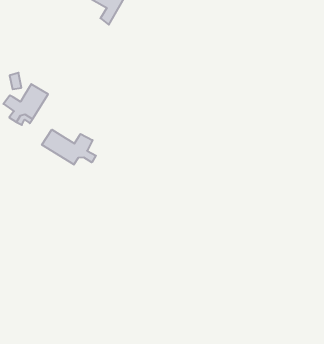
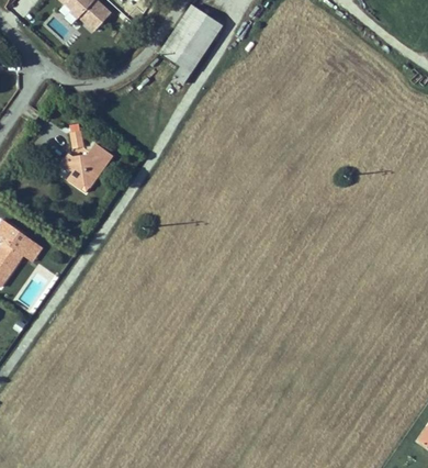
building: [42,130,96,165] -> none

